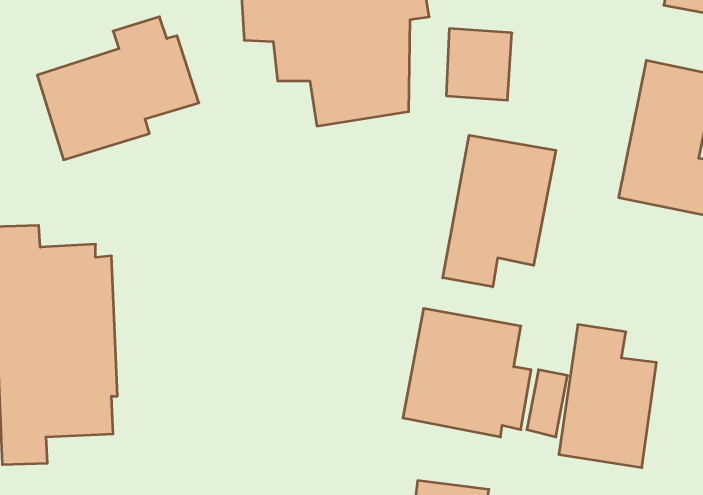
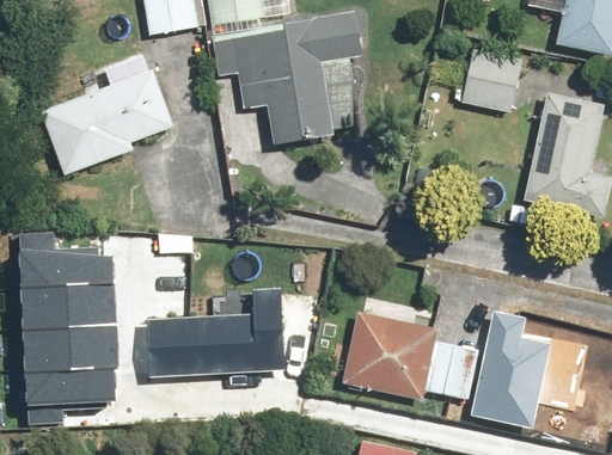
building: [446,29,512,100] -> [465,49,519,107]
building: [443,135,556,287] -> none
building: none -> [149,288,279,376]

